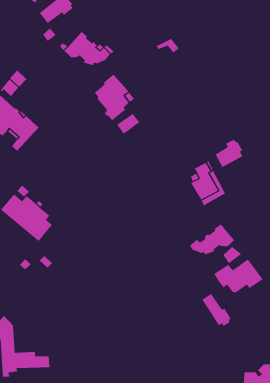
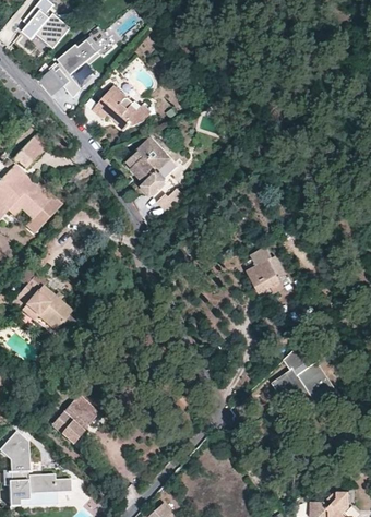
building: [215,139,243,168] -> none
building: [189,224,235,255] -> none
building: none -> [52,394,100,443]
building: [202,293,231,327] -> none

